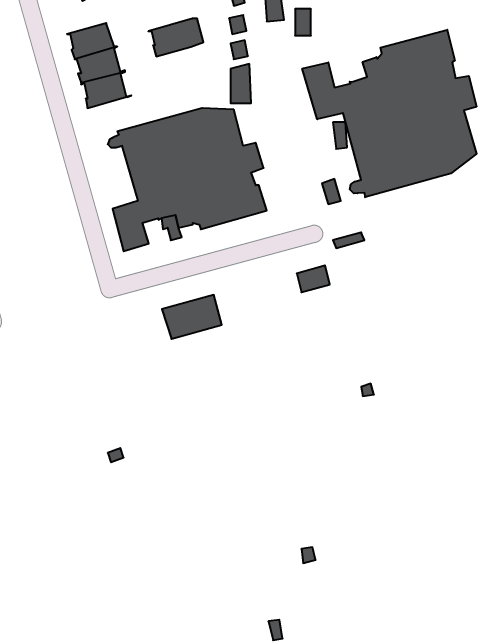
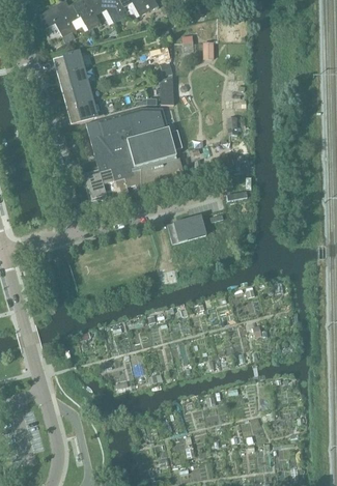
building: [148,19,203,56] -> [66,97,103,122]
building: [302,30,477,197] -> none
building: [162,295,222,339] -> [167,213,206,242]

